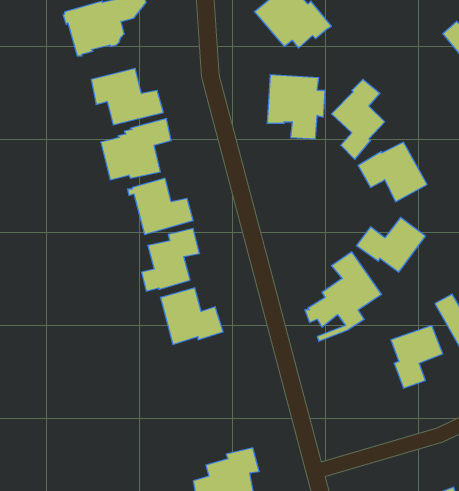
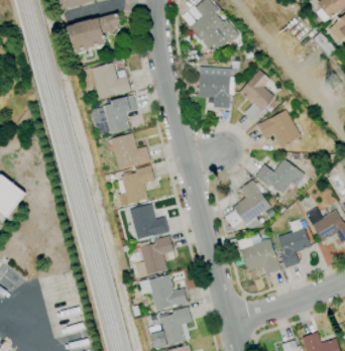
building: none -> [139,236,174,274]
building: none -> [237,236,281,275]
building: none -> [147,274,187,311]

